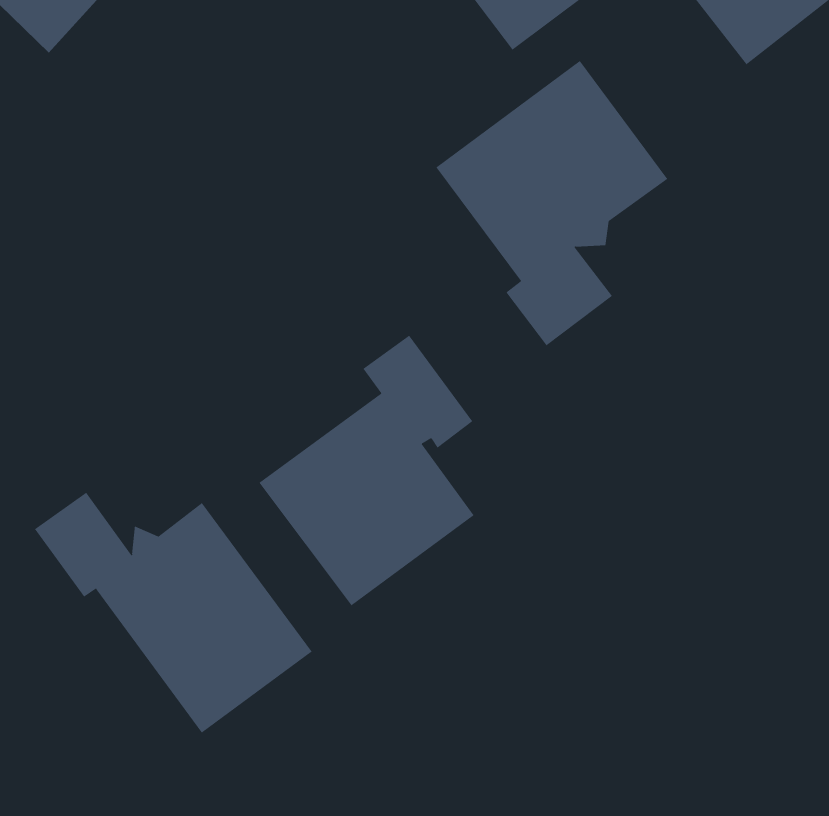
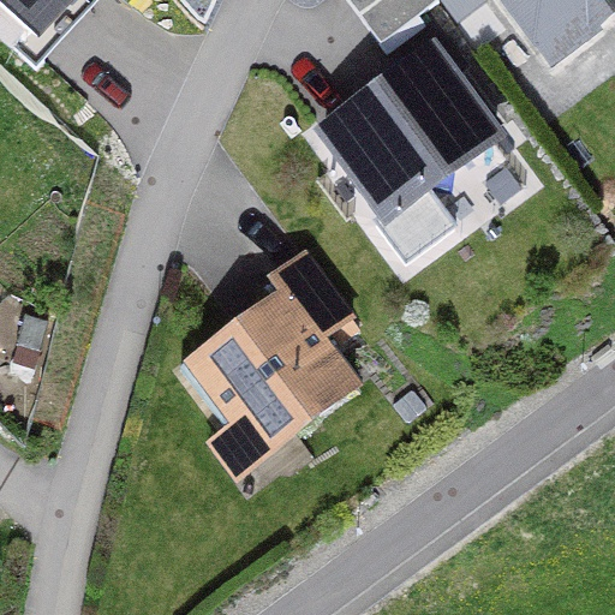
building: [34,492,312,733] -> none

